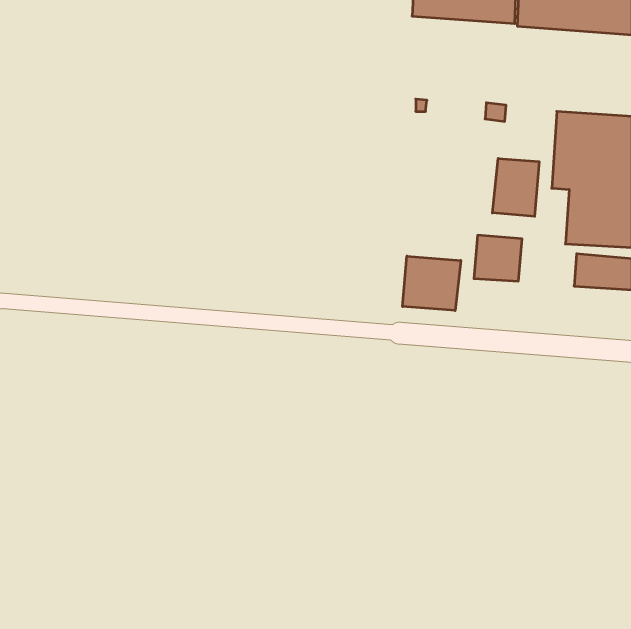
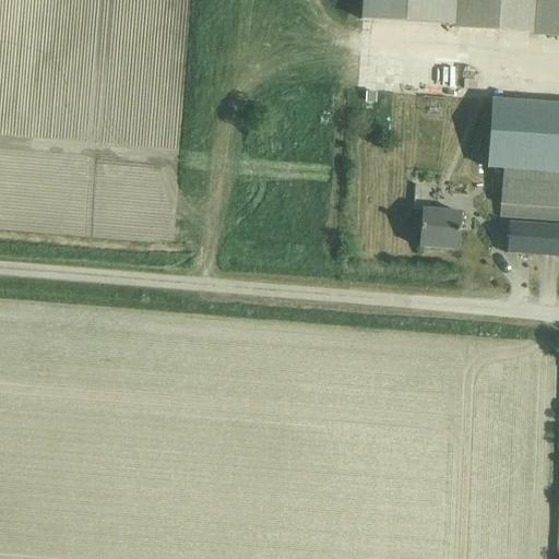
building: [492,158,539,216] -> none
building: [403,256,461,311] -> none

